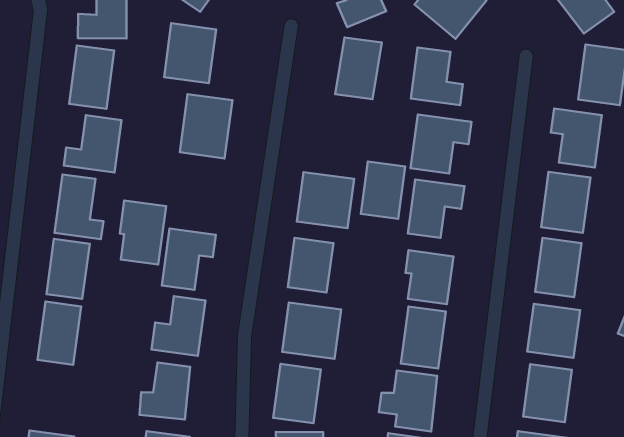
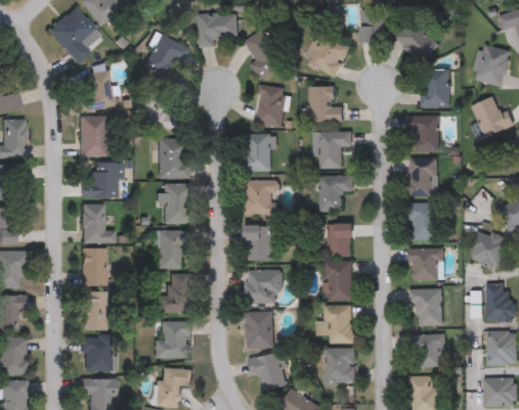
building: [361,161,405,219] -> [248,135,273,171]
building: [120,201,166,264] -> [161,184,189,224]
building: none -> [83,337,114,372]

